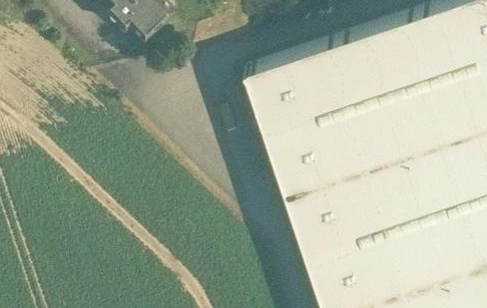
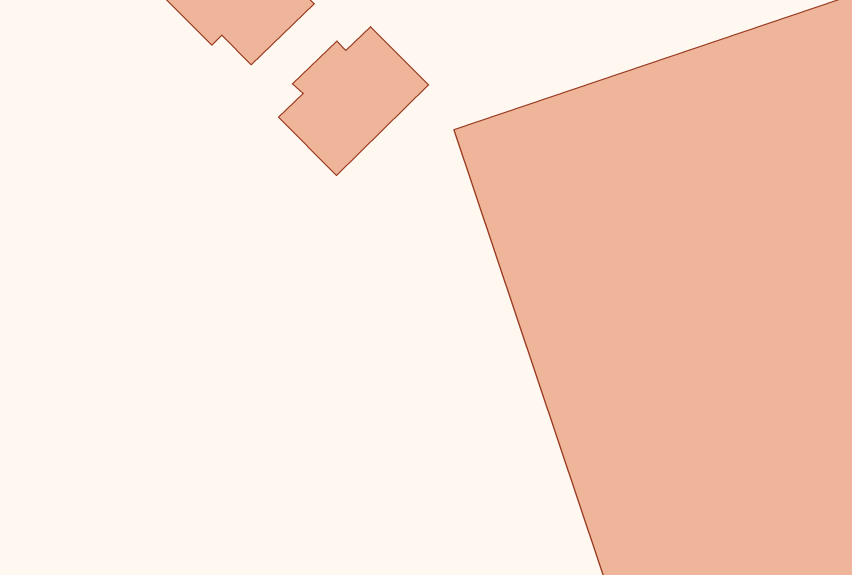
building: none -> [279,27,429,175]

